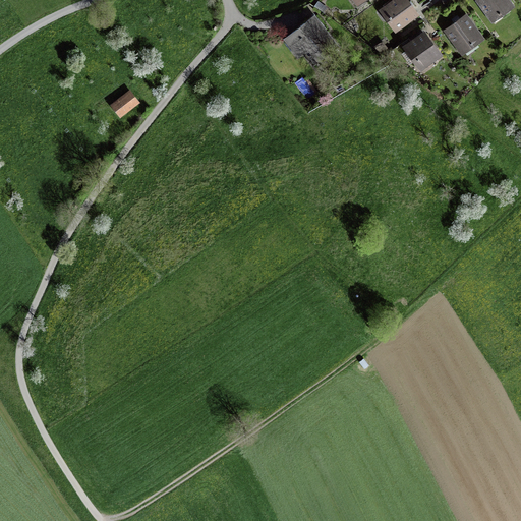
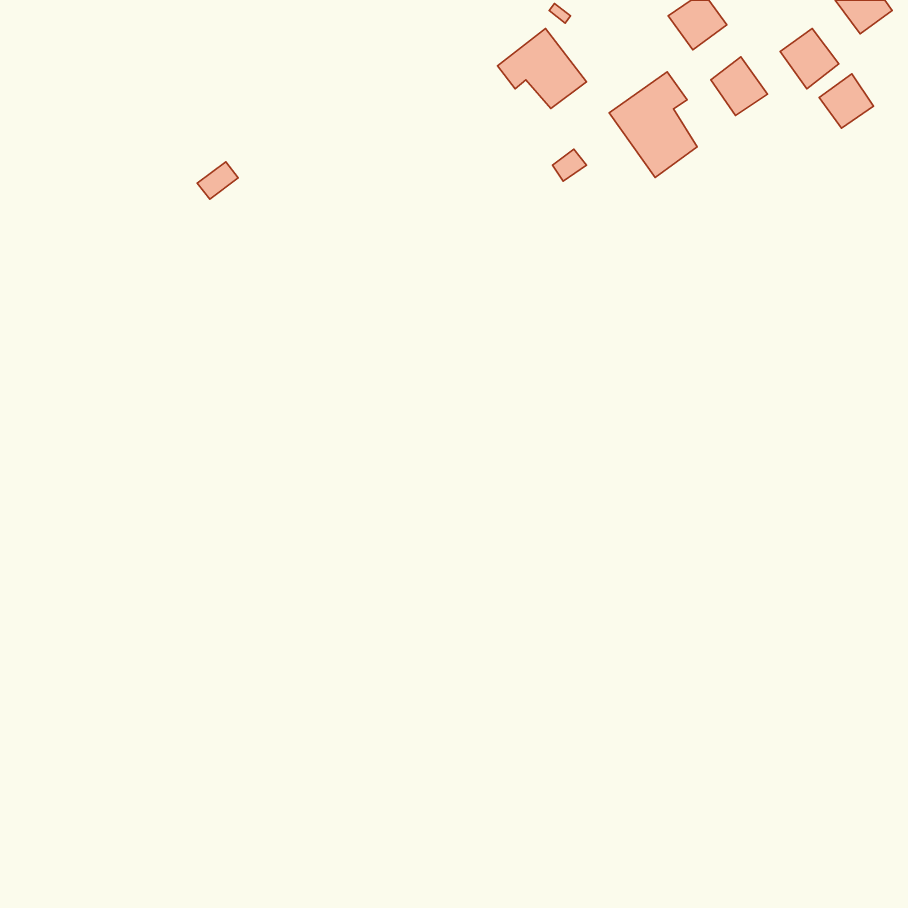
building: none -> [609,72,697,177]
building: none -> [819,74,873,128]

